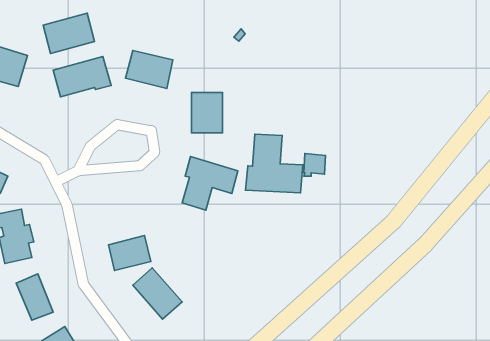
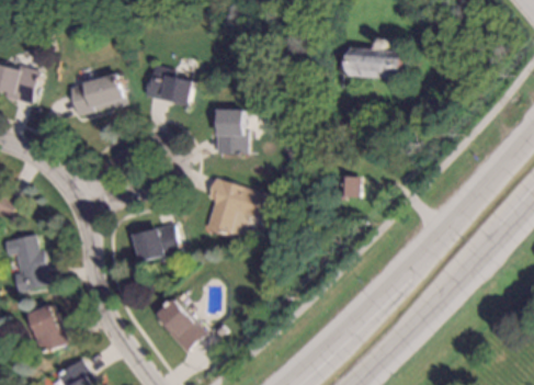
building: [43,13,95,53] -> none
building: none -> [334,47,405,88]
building: [246,134,303,193] -> none
building: [108,236,151,271] -> [135,224,180,261]

